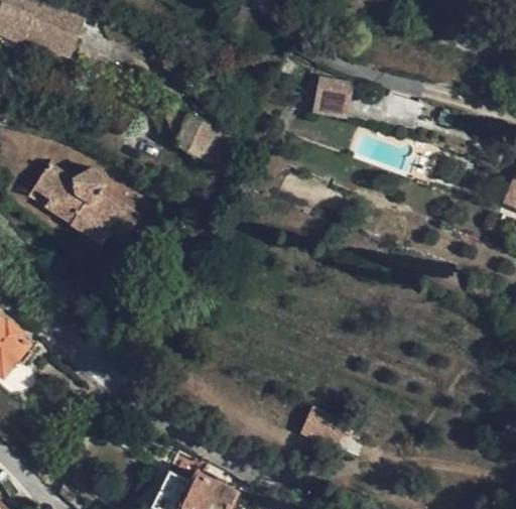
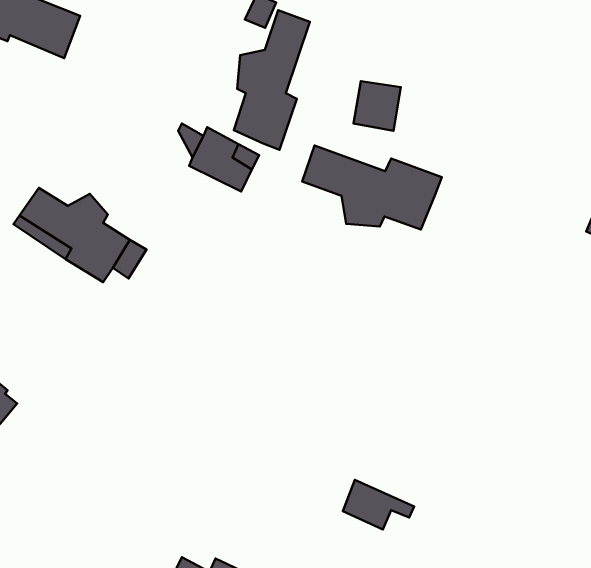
building: none -> [234,10,310,150]
building: none -> [302,146,442,229]

